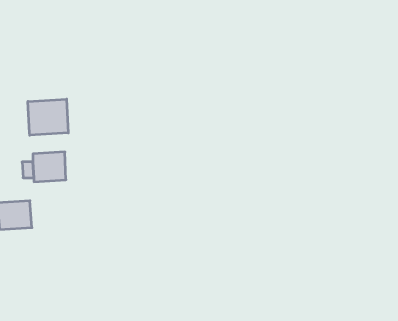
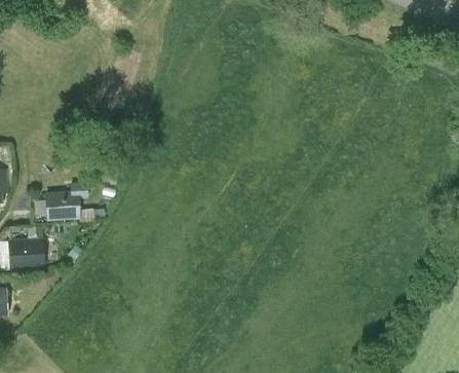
building: [28,99,68,135] -> none

